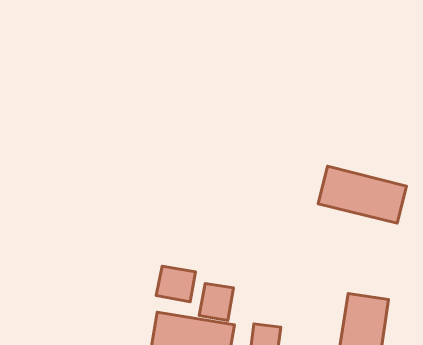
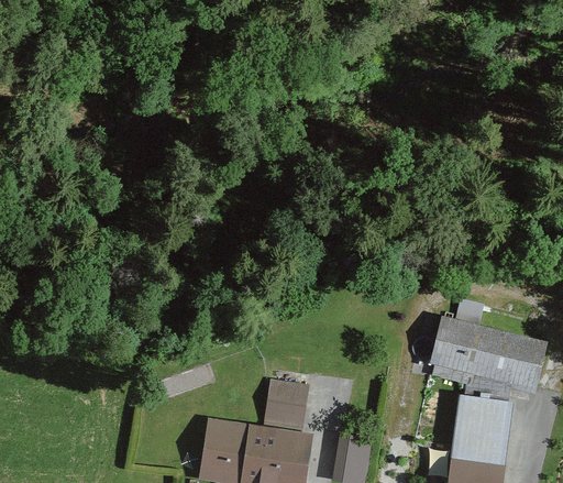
building: [318,166,407,223] -> [430,318,545,393]
building: [156,266,195,302] -> none

